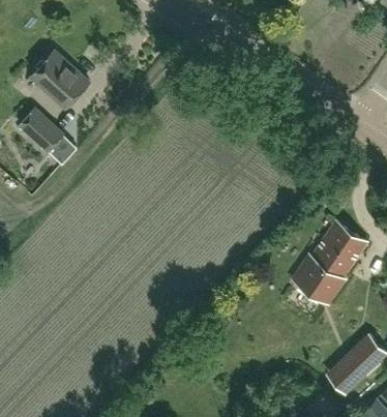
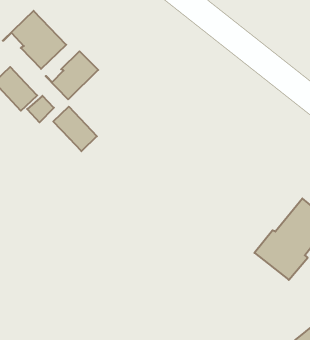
building: none -> [46,51,98,99]
building: none -> [53,107,97,151]

